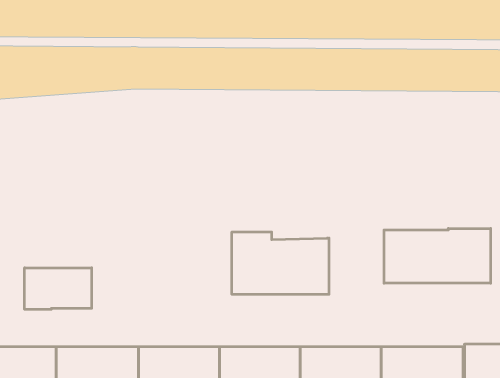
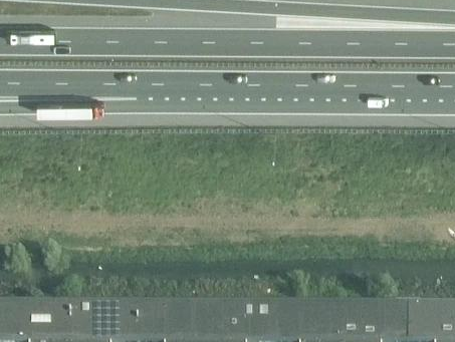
building: [384,228,491,283] -> none
building: [232,232,329,294] -> none
building: [25,268,92,309] -> none

